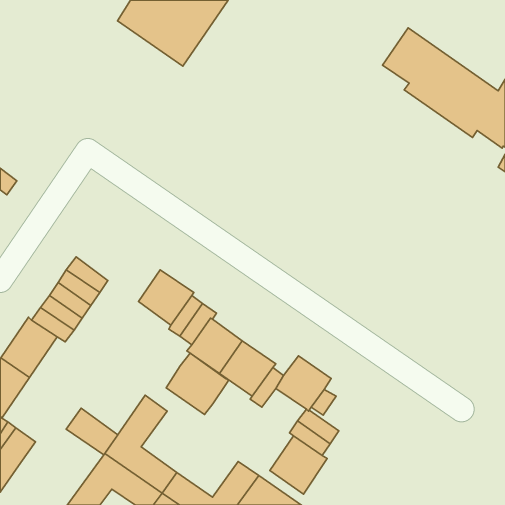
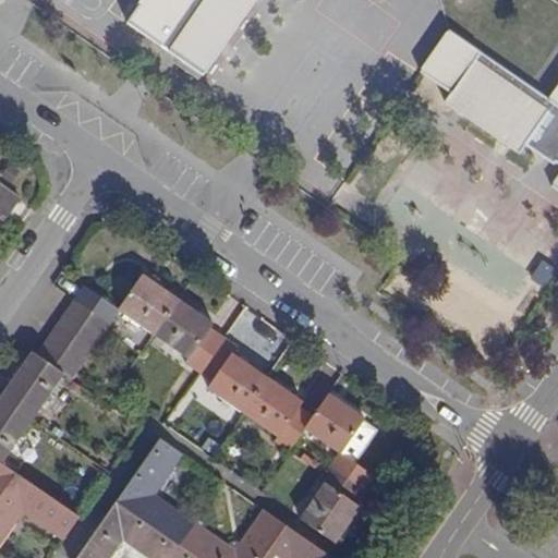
building: none -> [118,274,177,332]
building: [166,353,229,415] -> none
building: [66,408,118,455] -> [23,487,80,538]

